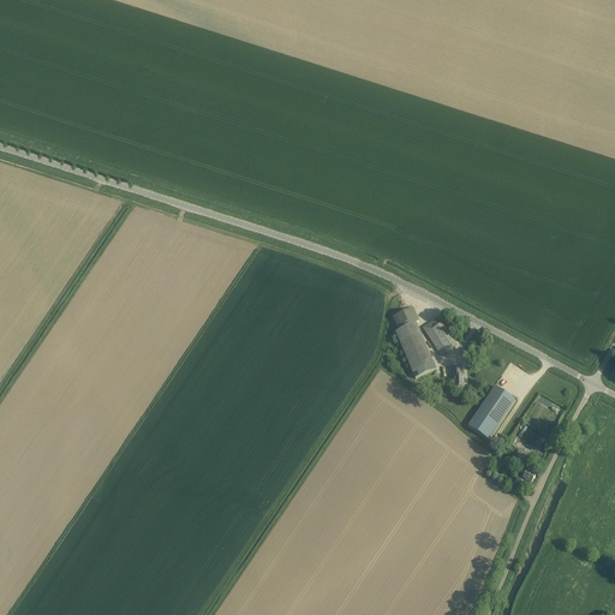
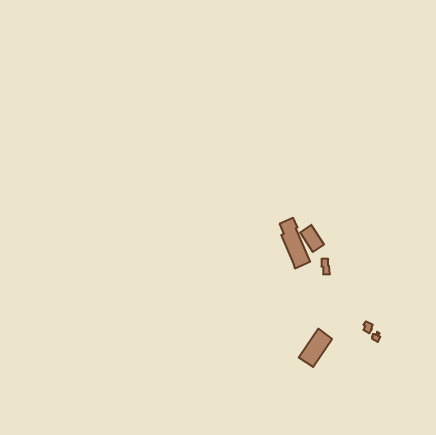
building: [467,384,514,438] -> [299,329,332,367]

